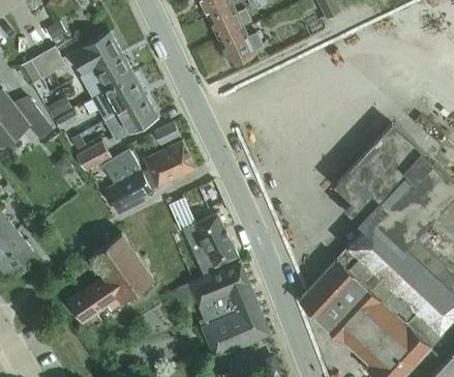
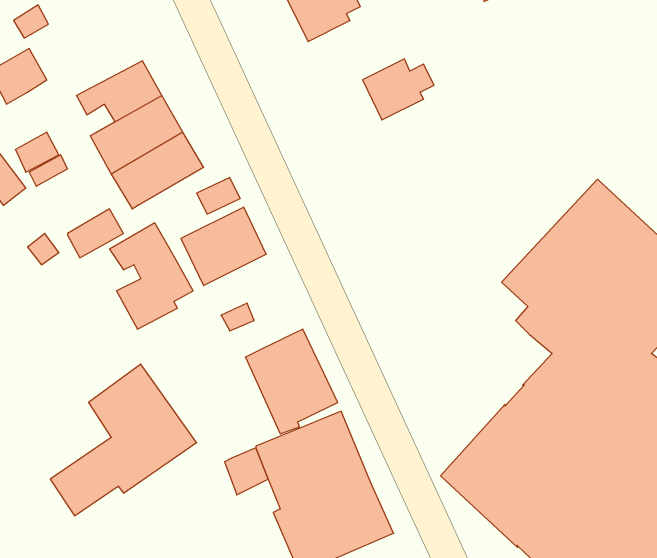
building: [220,30,263,66] -> [363,59,434,120]
building: [71,32,122,75] -> none

